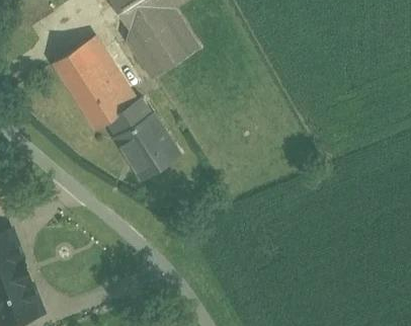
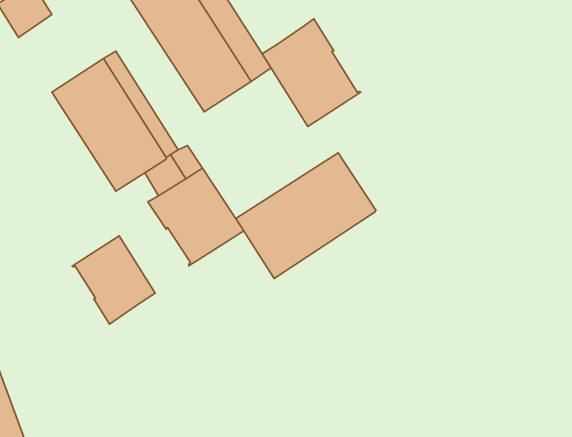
building: none -> [262,19,361,126]
building: none -> [236,153,376,278]
building: none -> [72,236,155,324]

